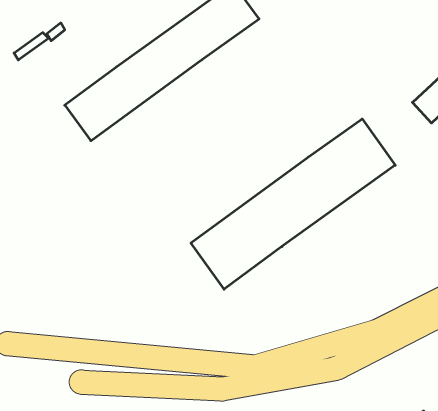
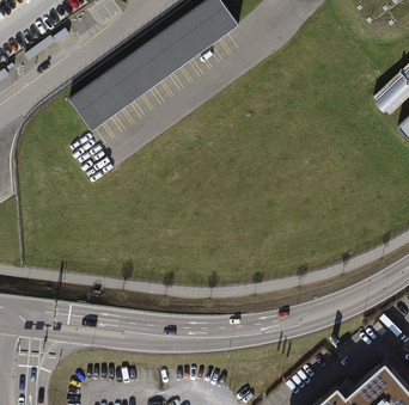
building: [191,119,395,289] -> none

